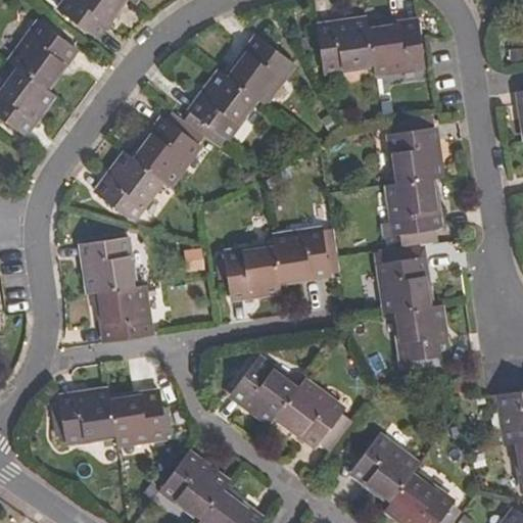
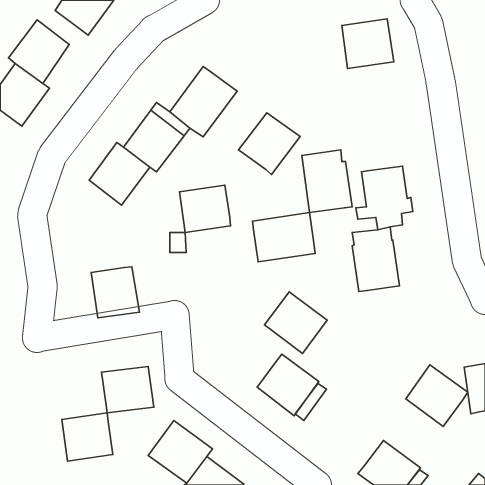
building: [317,19,373,72] -> none
building: [226,37,292,103] -> [238,113,300,174]
building: [387,116,441,184] -> [302,150,352,213]
building: [82,237,134,295] -> none
building: [224,247,279,298] -> [179,185,231,233]
building: [395,306,446,363] -> none
building: [230,359,297,425] -> [265,292,327,353]
building: [59,391,114,443] -> [62,413,113,461]
building: [351,436,418,503] -> [406,365,468,426]

